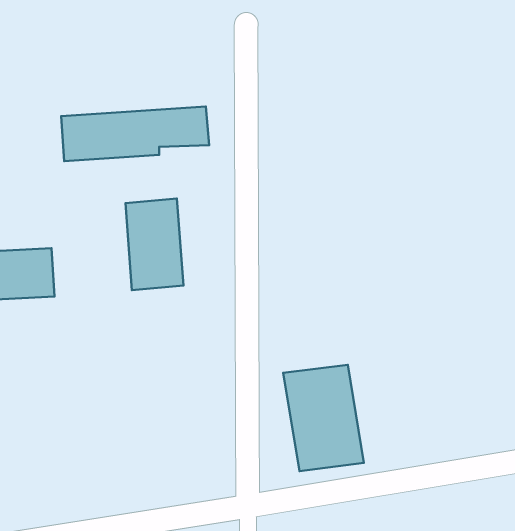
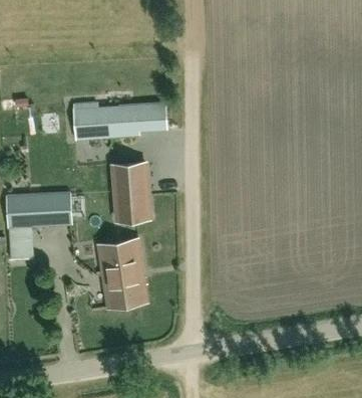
building: [283,365,364,471] -> [95,239,145,306]

